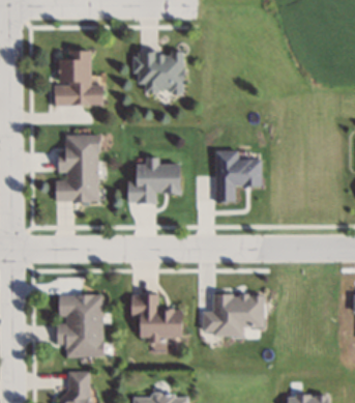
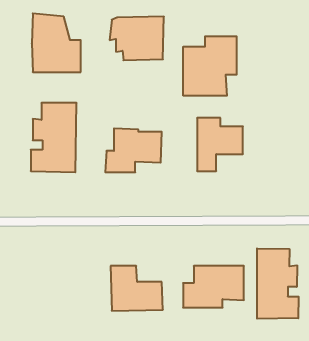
building: none -> [183,36,237,96]
building: none -> [257,248,299,319]
building: [57,294,102,355] -> none

